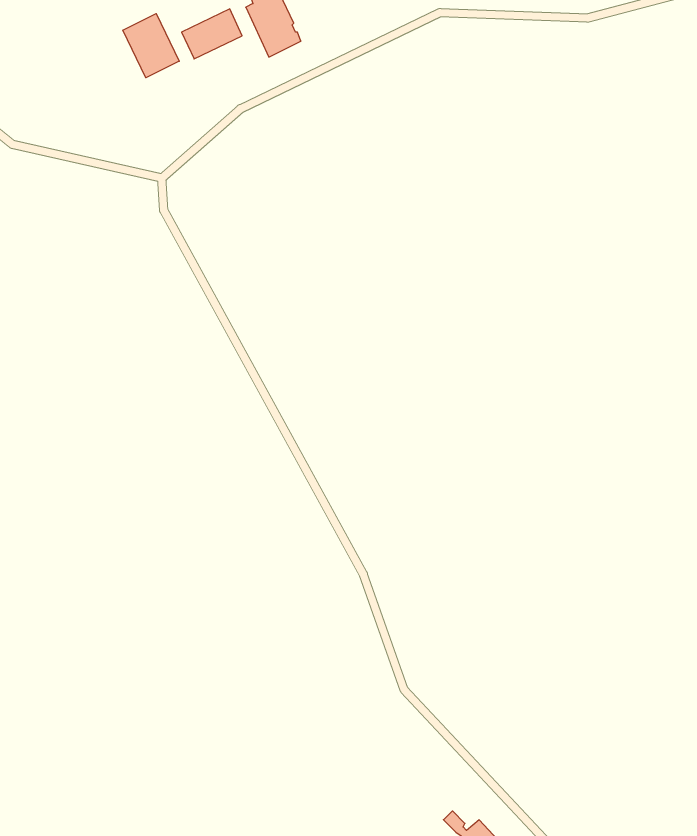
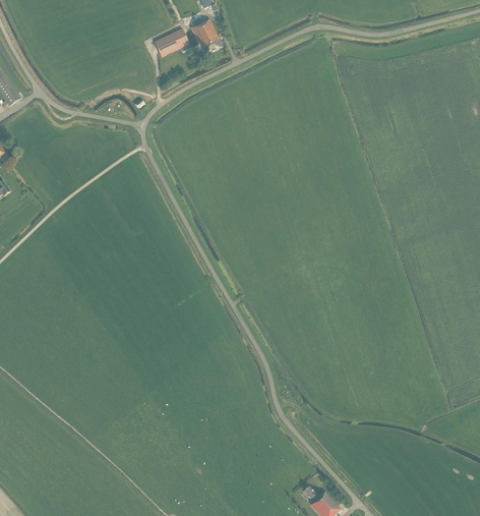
building: [123,14,179,78] -> none

